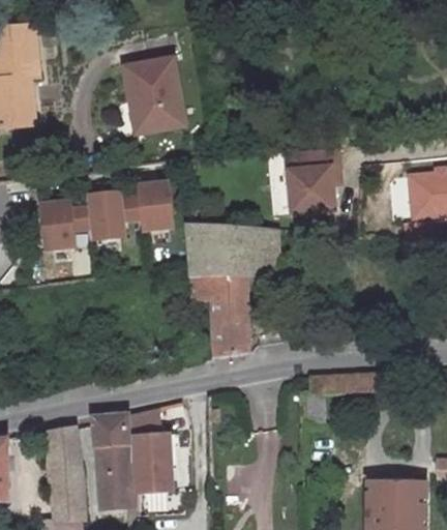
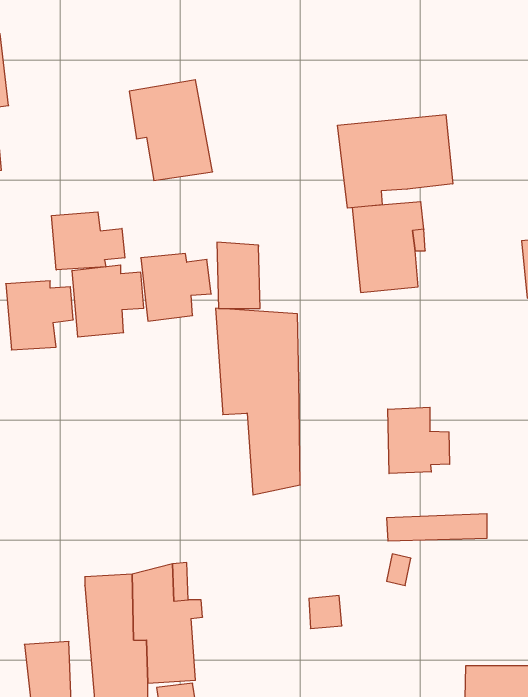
building: none -> [338,115,453,208]
building: none -> [52,212,125,270]
building: [245,227,276,274] -> [217,242,260,308]
building: none -> [388,407,450,474]
building: [49,424,81,465] -> none

